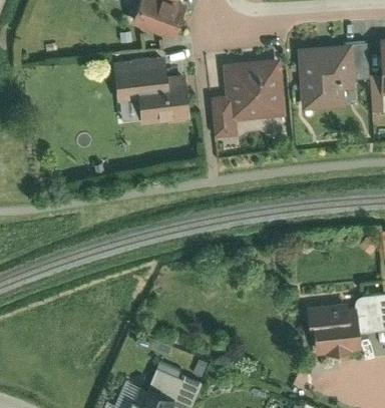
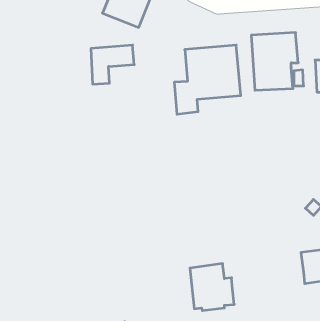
building: [343,44,368,84] -> none
building: [136,80,188,123] -> none
building: [310,300,360,353] -> [190,264,234,311]

